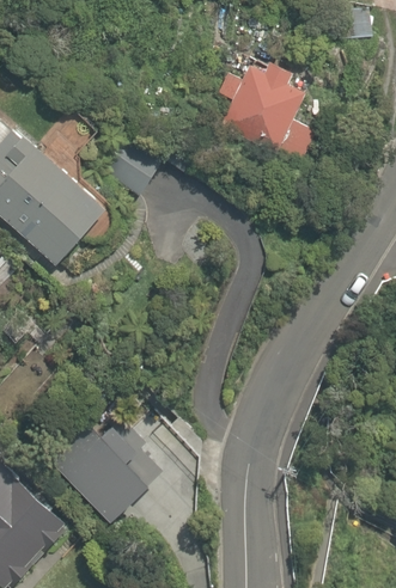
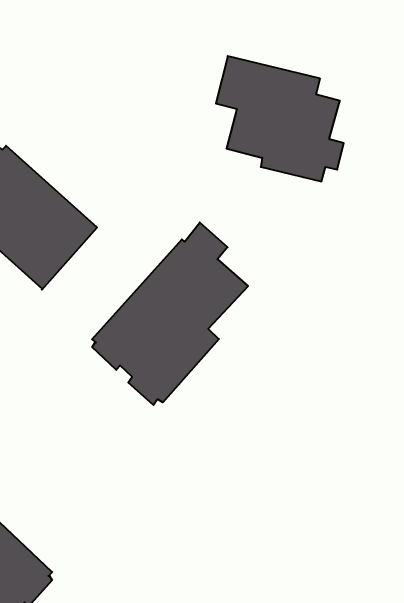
building: none -> [92,222,248,405]
building: [63,418,172,526] -> none

